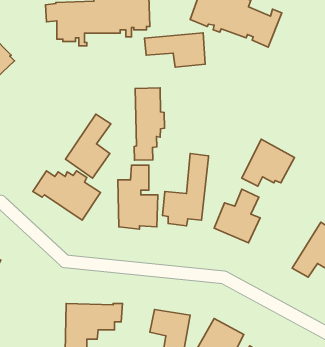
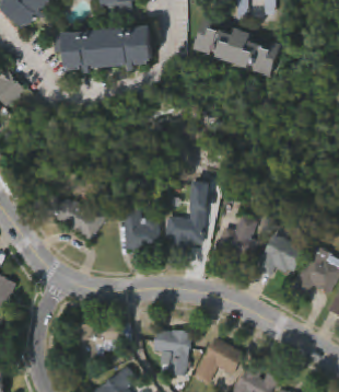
building: [145,33,205,67] -> none
building: [134,88,165,160] -> none
building: [66,114,111,178] -> none
building: [242,139,295,186] -> [254,231,304,276]

